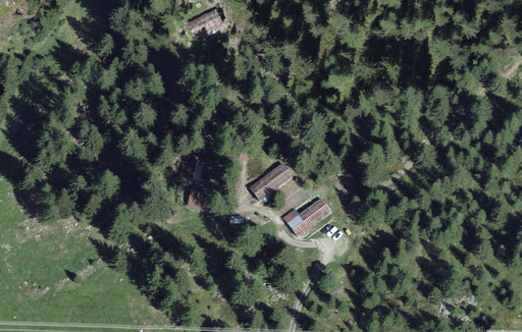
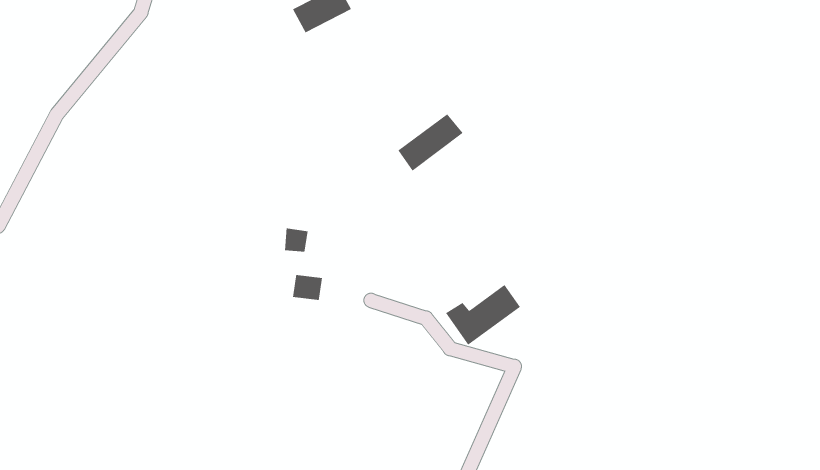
building: [251,163,293,200] -> [398,113,464,171]

